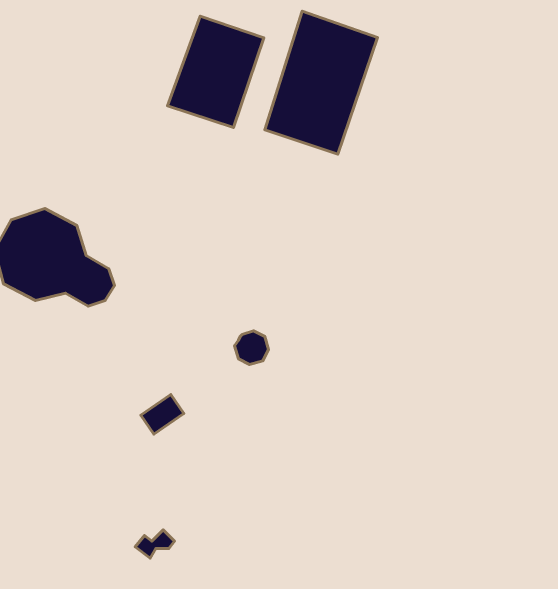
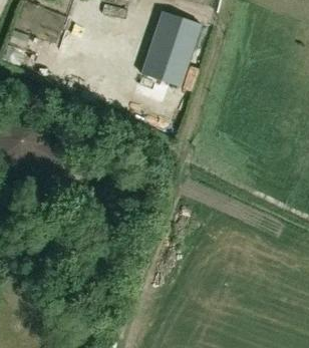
building: [167,16,264,128] -> none

